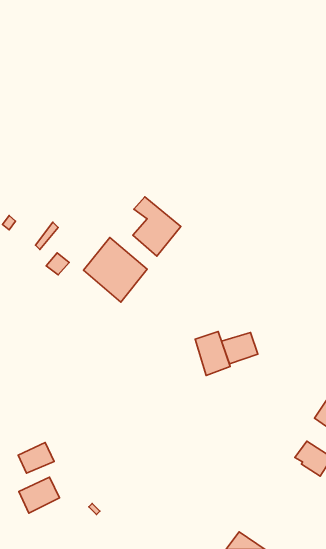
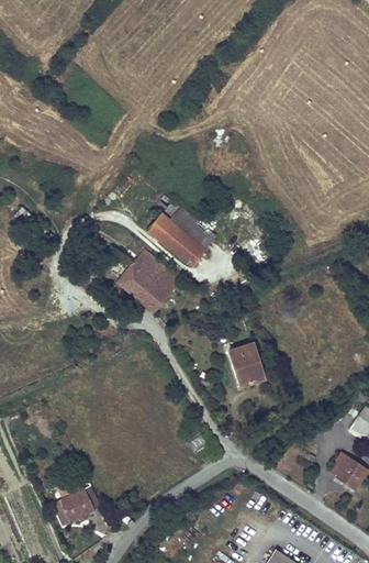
building: none -> [147,213,181,246]
building: [222,332,258,364] -> none
building: [18,443,54,473] -> none

